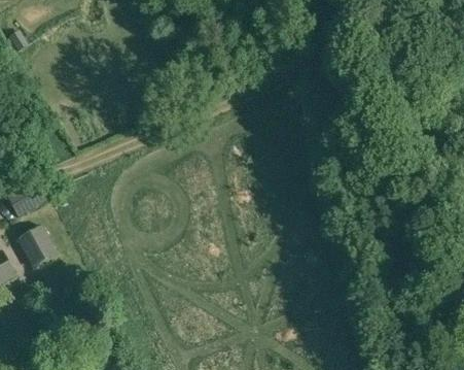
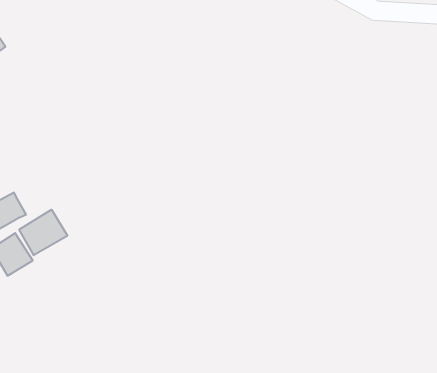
building: none -> [19,210,67,255]

